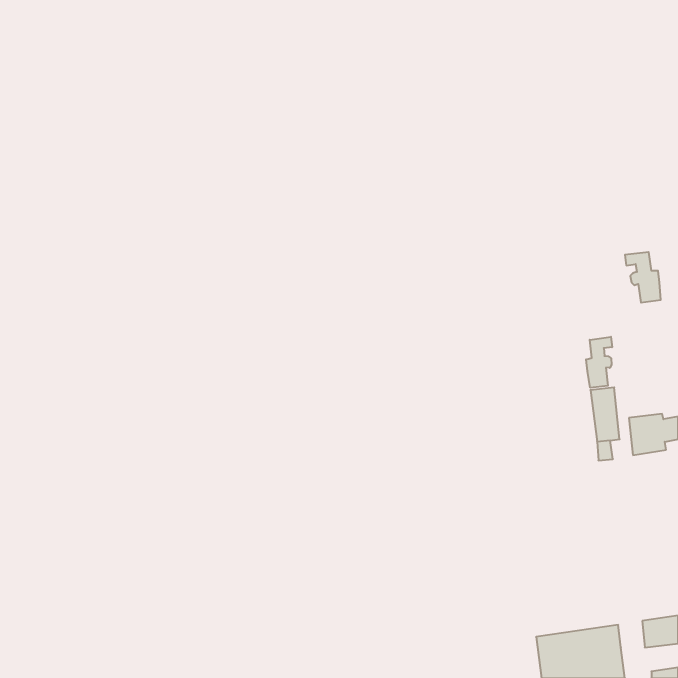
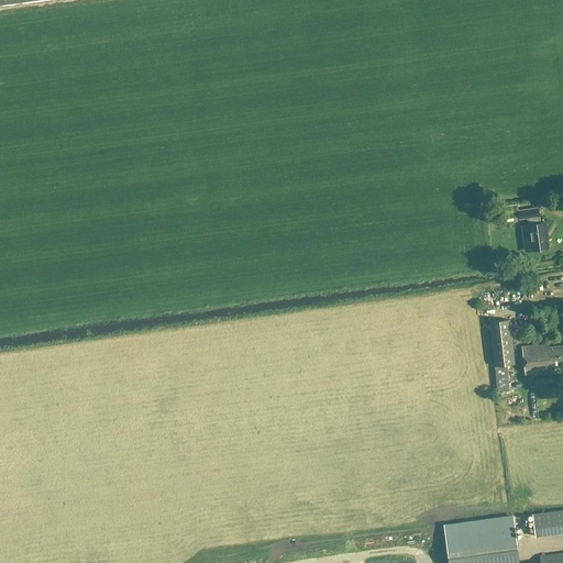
building: [586,337,612,388] -> none

